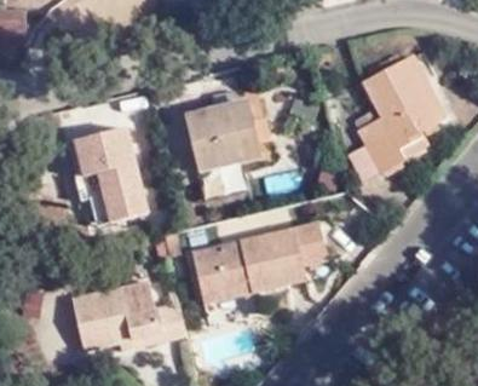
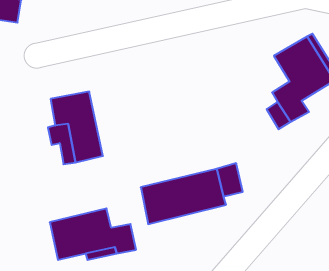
building: [185,100,257,191] -> none

